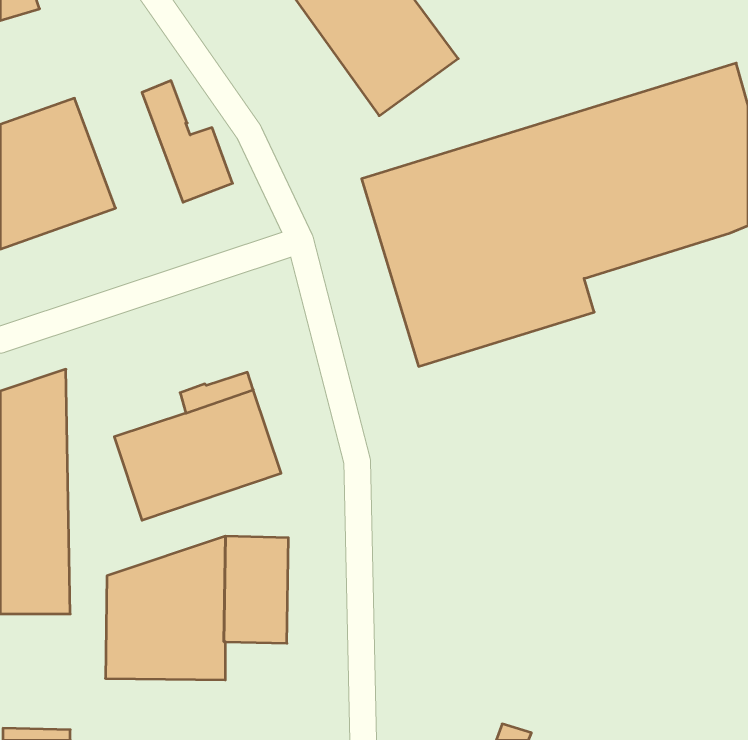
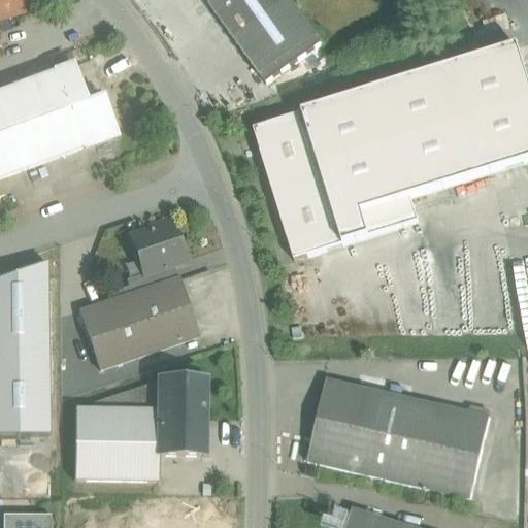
building: [142,81,233,202] -> [53,61,117,146]
building: none -> [130,218,183,271]
building: none -> [308,376,490,497]

